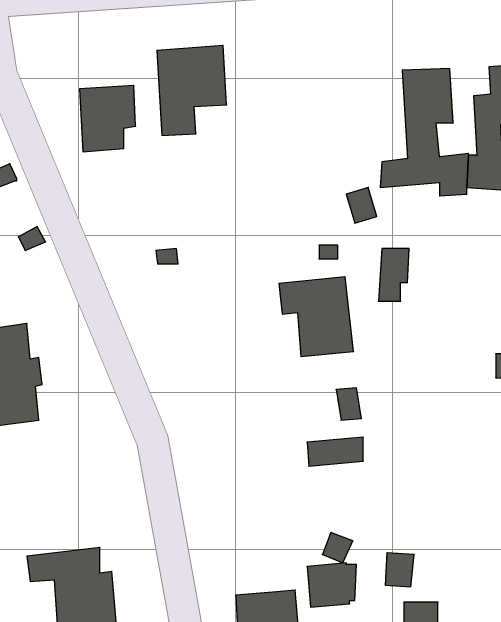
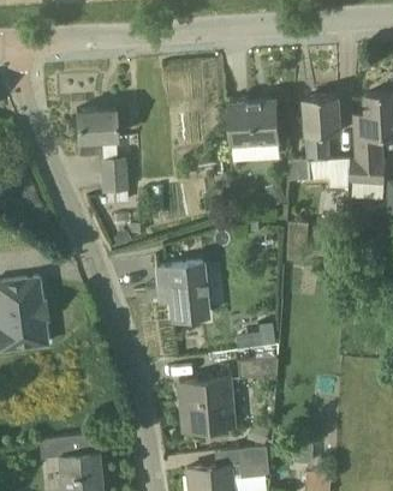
building: [157,45,227,135] -> [230,98,279,162]
building: none -> [101,157,127,191]
building: [279,277,354,357] -> [155,262,208,318]
building: none -> [178,377,233,430]

